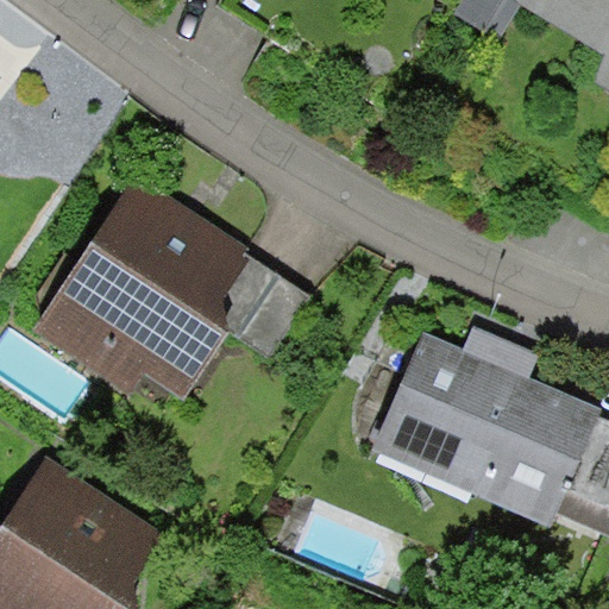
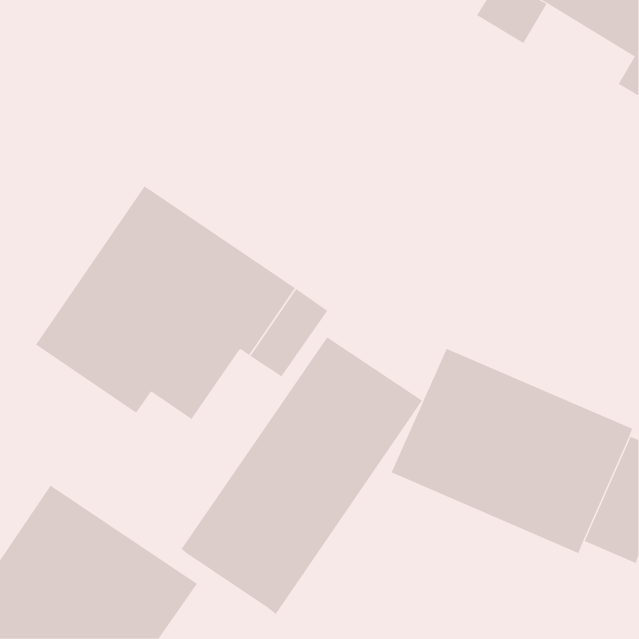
building: none -> [181,337,423,615]

